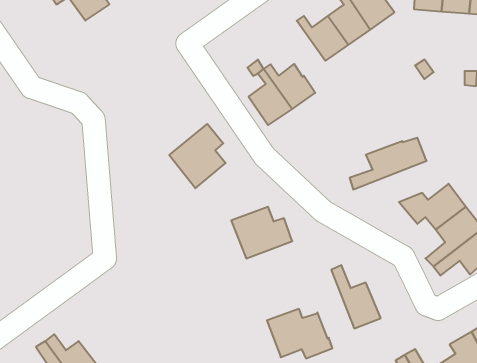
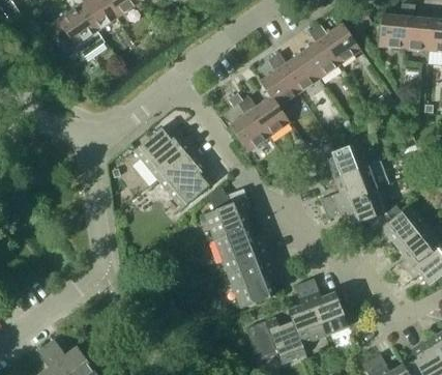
building: none -> [259,57,298,108]
building: none -> [134,127,191,178]
building: none -> [314,142,367,178]
building: none -> [204,189,249,237]
building: none -> [323,189,385,225]
building: none -> [227,256,276,308]
building: none -> [288,282,324,344]

